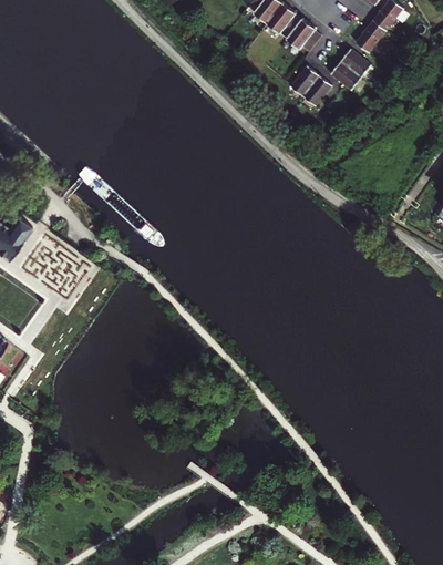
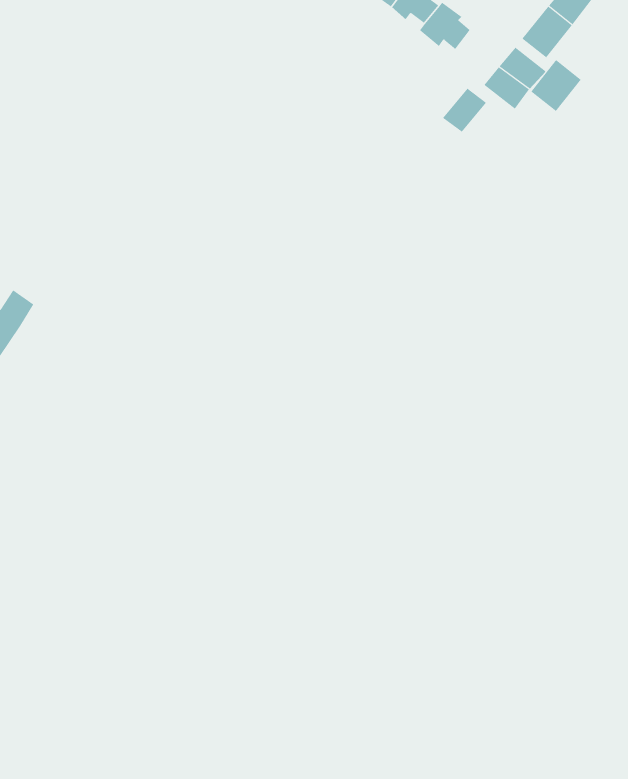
building: none -> [530,59,582,112]
building: [290,66,320,97] -> none

